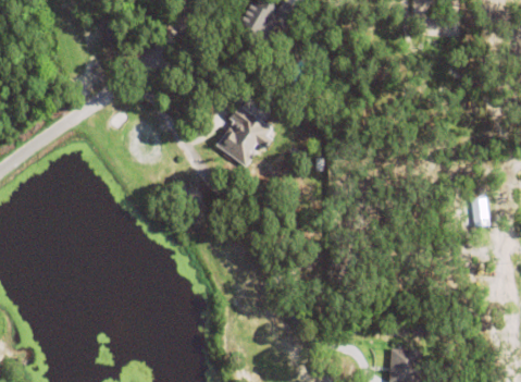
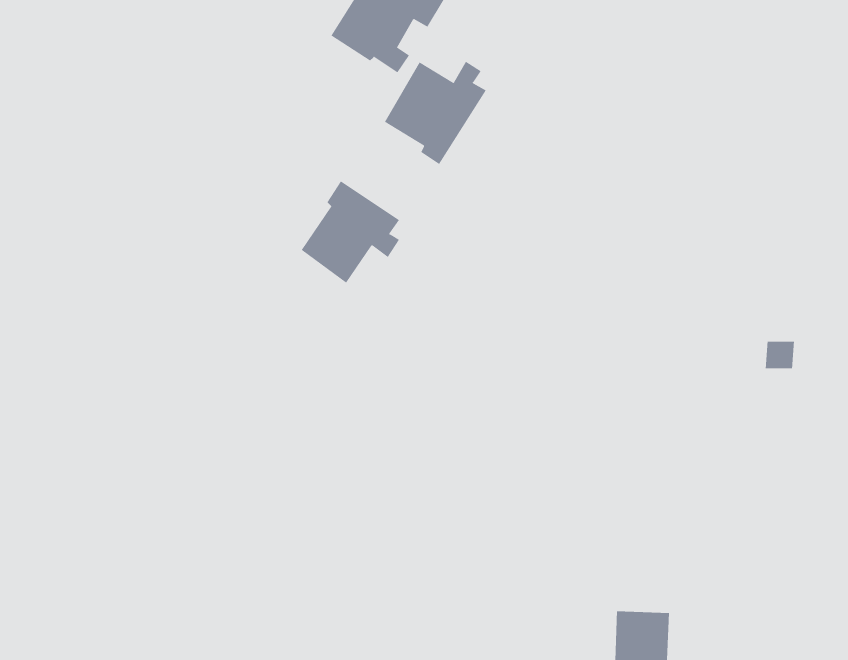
building: none -> [384,61,486,165]

